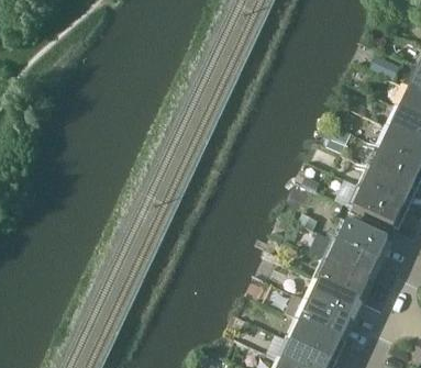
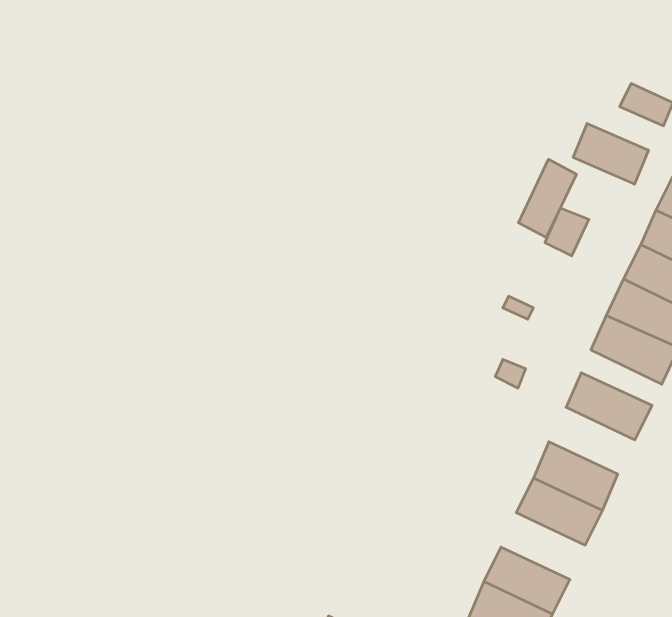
building: none -> [573,123,648,184]
building: none -> [518,159,576,238]
building: [328,241,377,279] -> none
building: [300,301,348,339] -> none

